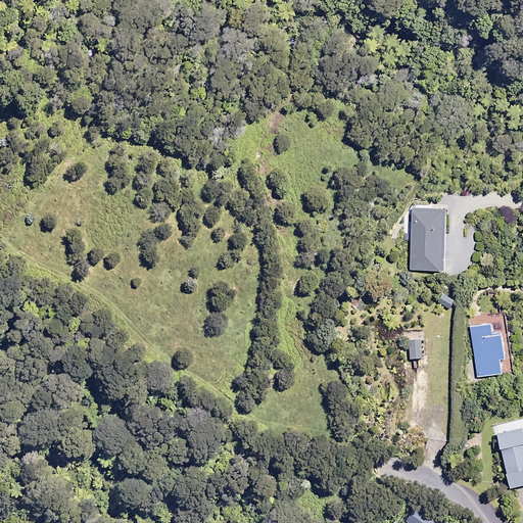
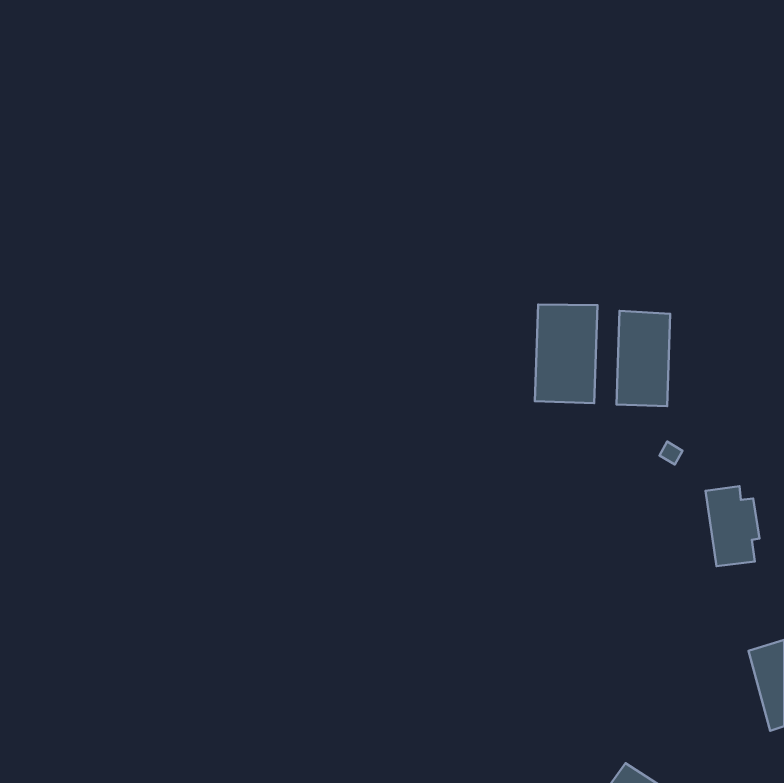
building: none -> [535,305,597,403]

